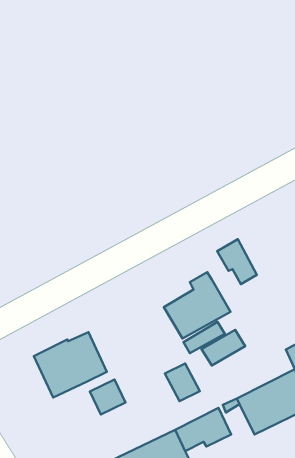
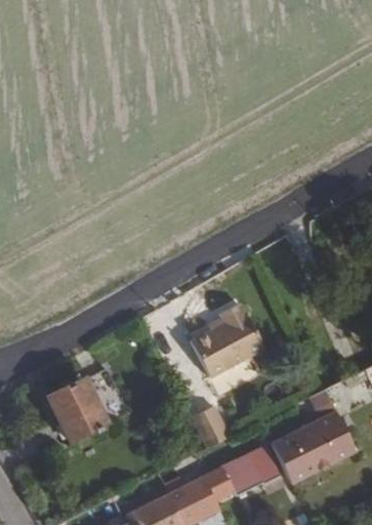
building: [217,239,257,284] -> none
building: [202,330,245,365] -> none
building: [90,379,125,415] -> none

